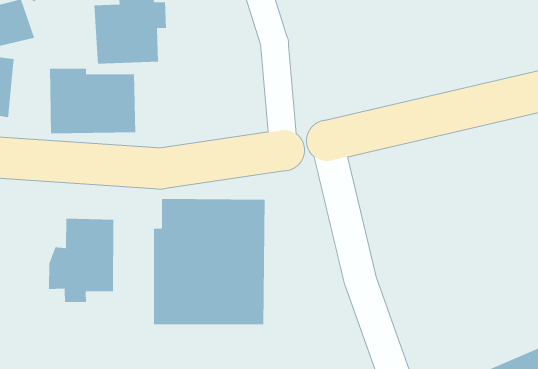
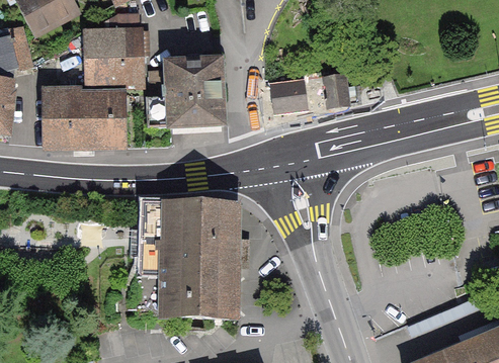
building: none -> [152,61,226,126]
building: none -> [270,72,351,110]
building: [48,218,114,303] -> none

